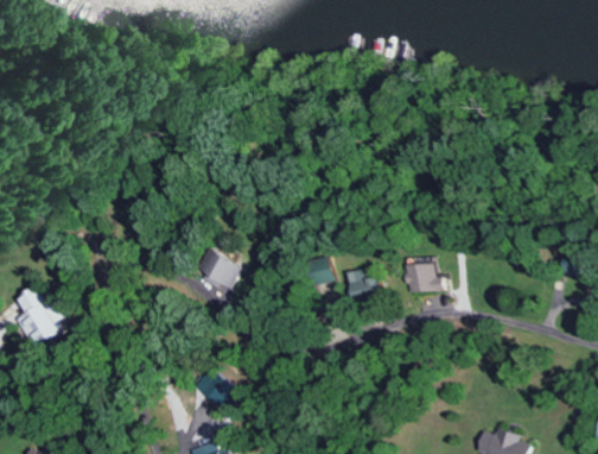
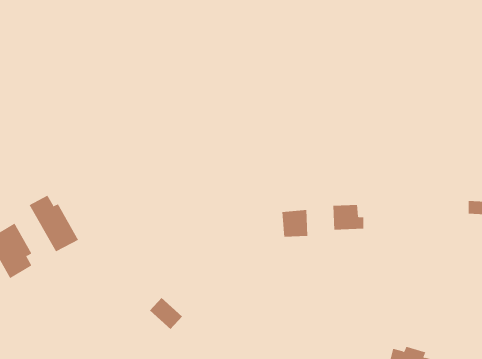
building: [201,251,246,288] -> none
building: none -> [29,195,79,252]
building: [308,259,336,284] -> none

